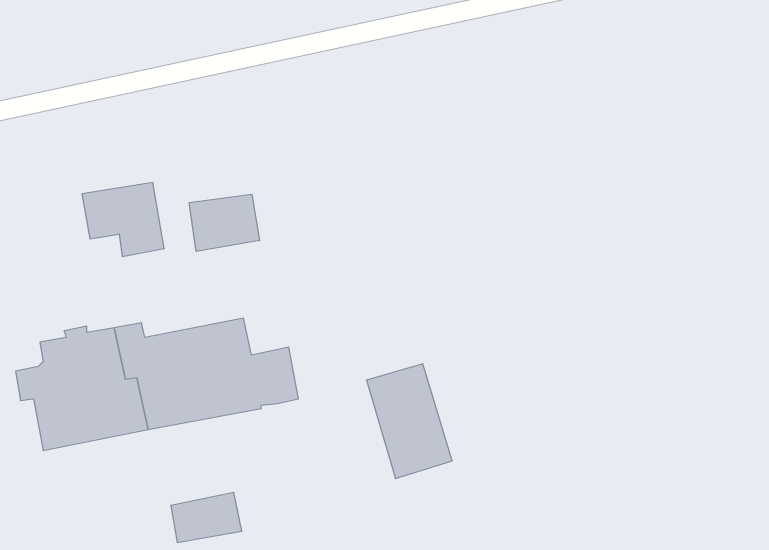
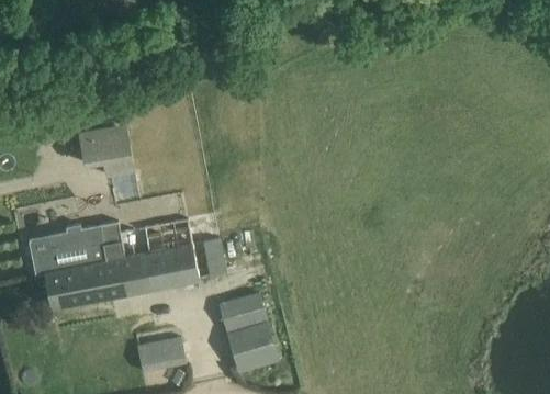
building: [189,194,260,251] -> none
building: [366,364,452,479] -> [220,294,278,372]

